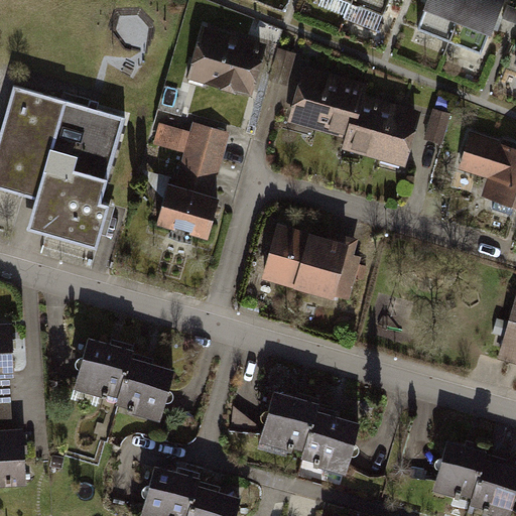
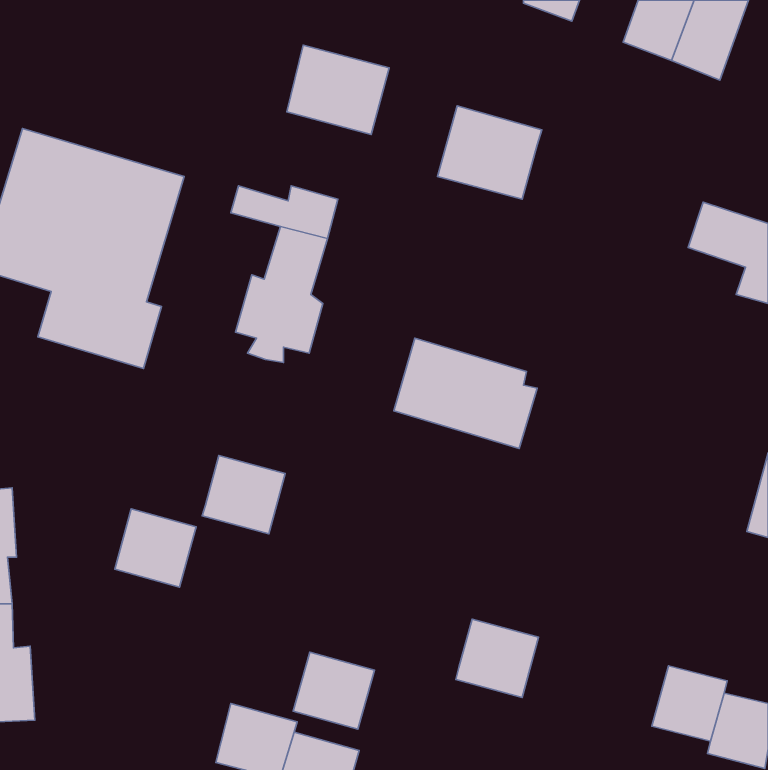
building: [346,98,416,162] -> none
building: [118,360,173,412] -> [202,455,285,534]
building: [263,395,317,446] -> [293,652,375,729]

